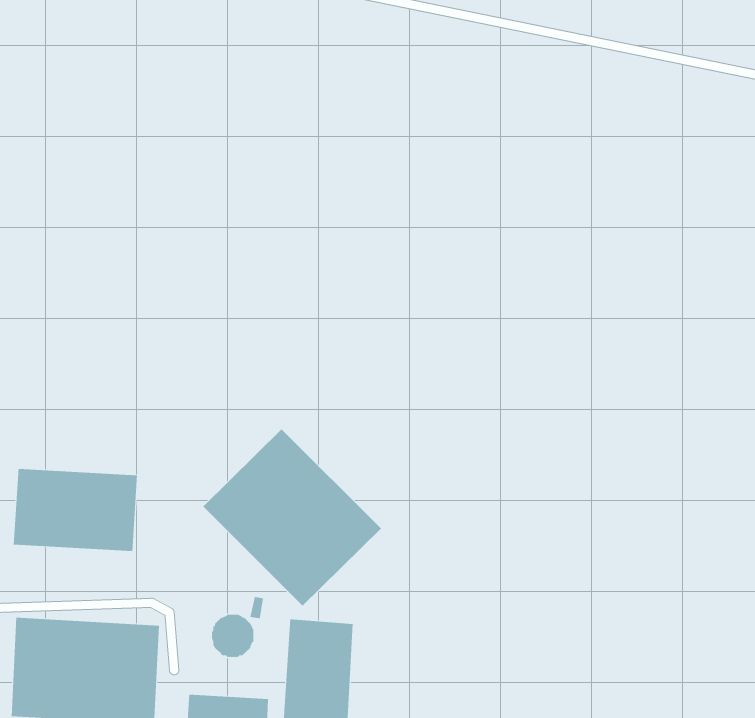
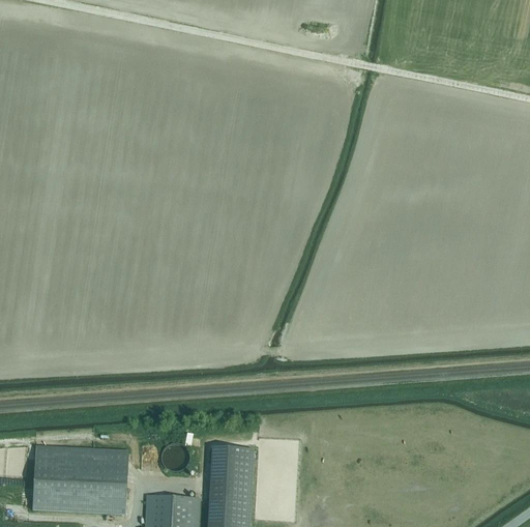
building: [202,428,382,607] -> none
building: [13,468,138,552] -> none

